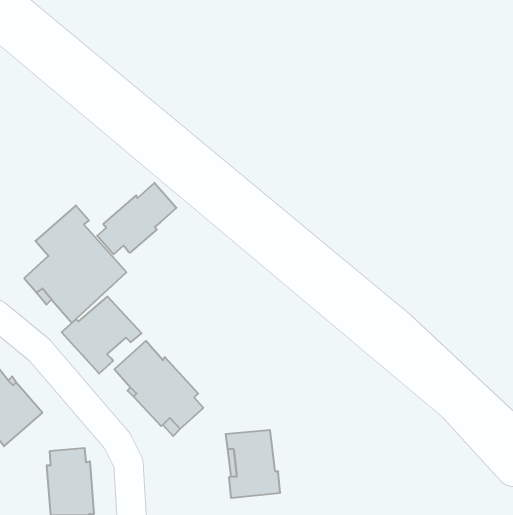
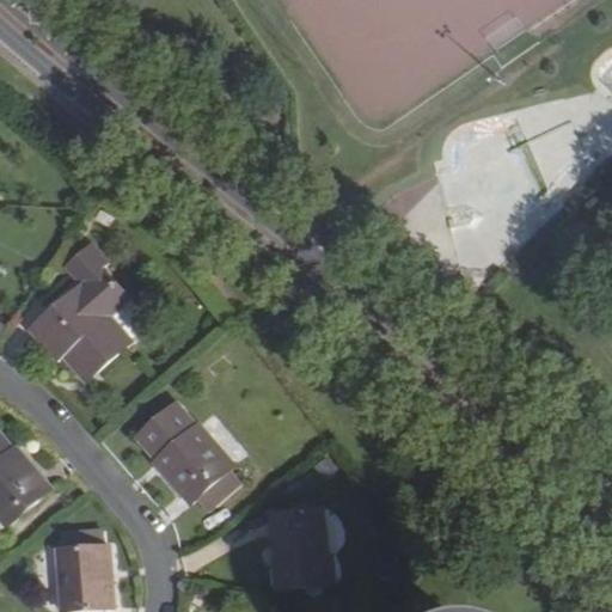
building: [97,183,177,254] -> none
building: [62,296,141,374] -> none

